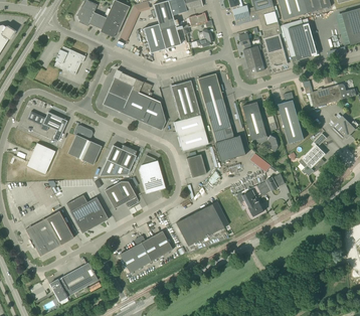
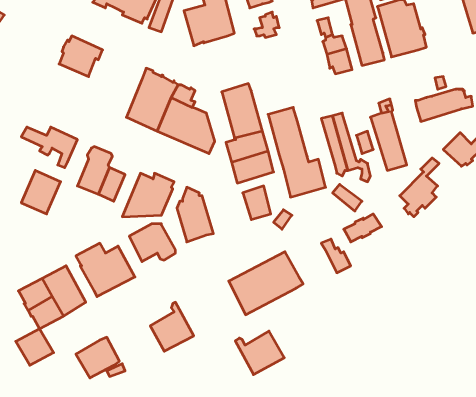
building: [196,72,221,102] -> none
building: [137,229,172,261] -> [235,331,284,375]
building: [48,274,75,300] -> [16,329,54,365]

